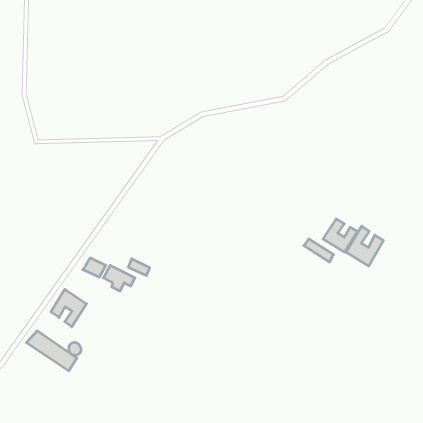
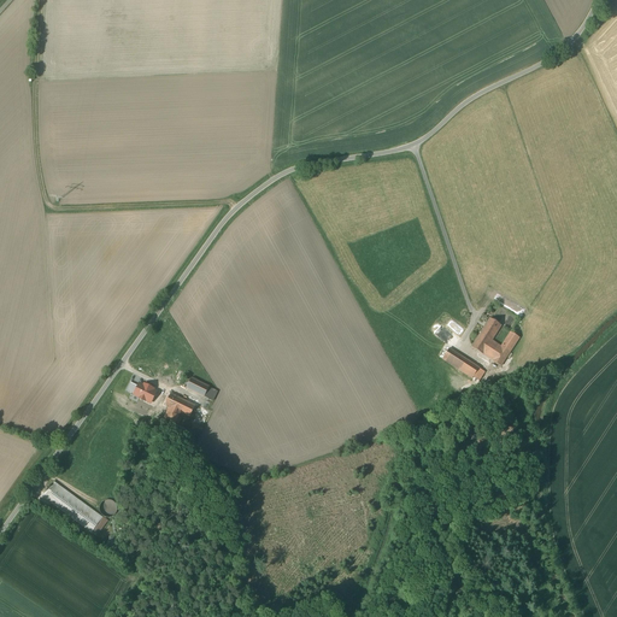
building: [346,226,383,266] -> none
building: [51,289,87,327] -> none

